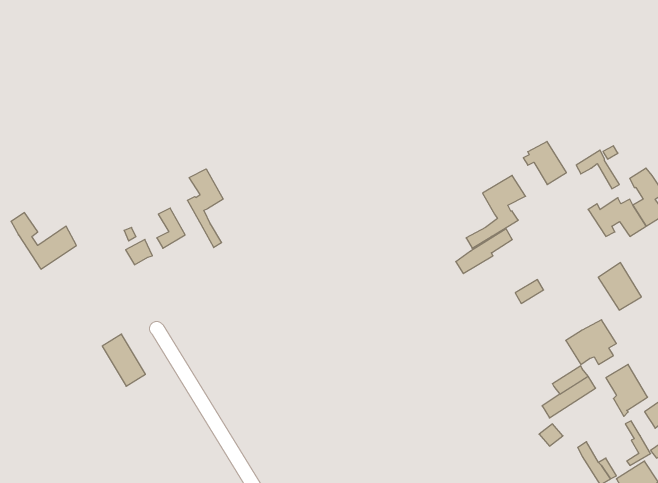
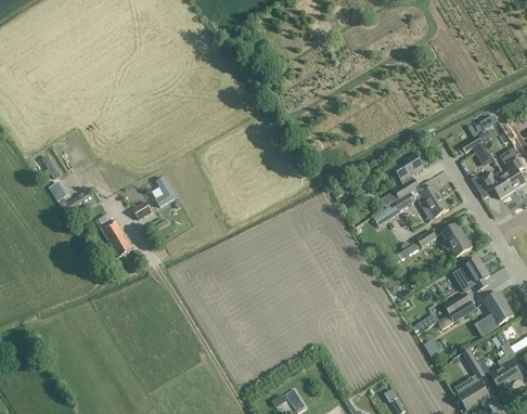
building: [523,141,566,185] -> [415,185,447,217]
building: [187,169,223,248] -> none
building: [598,263,641,310] -> [439,222,471,257]
building: [102,334,145,386] -> [100,218,131,256]

